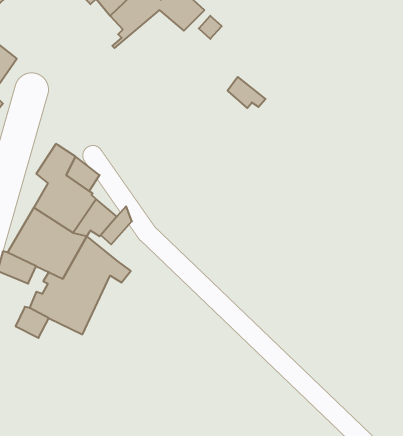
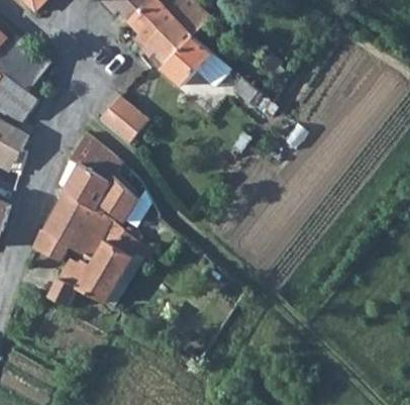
building: none -> [134,18,214,86]
building: none -> [99,98,147,145]

